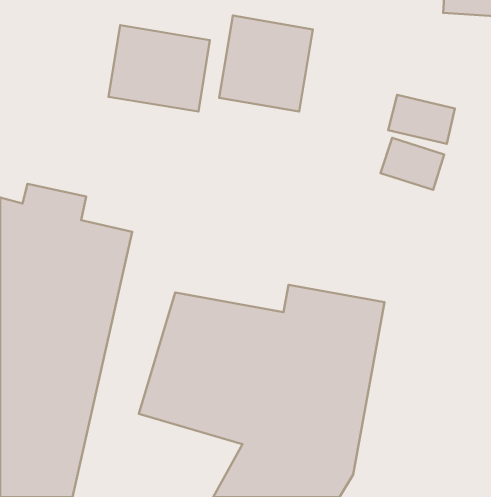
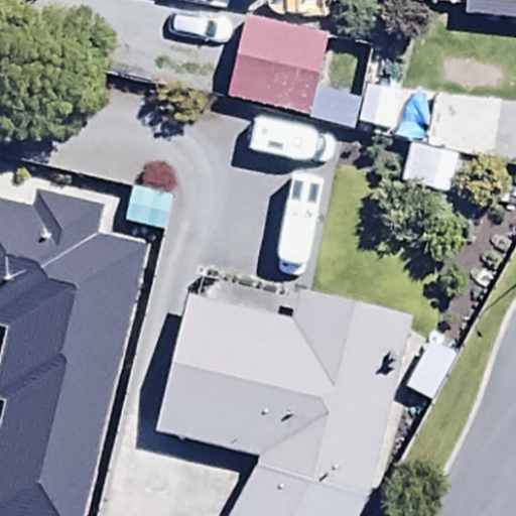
building: [109,25,210,112] -> none

